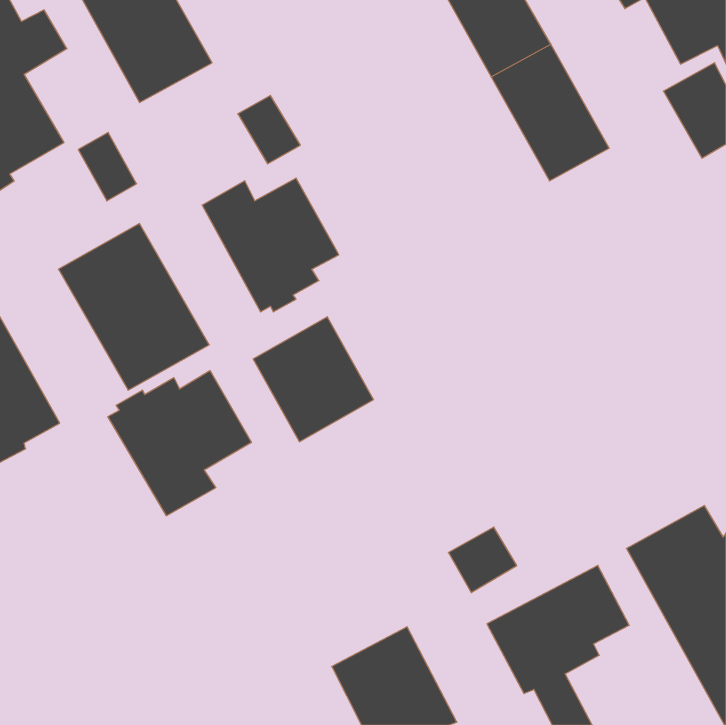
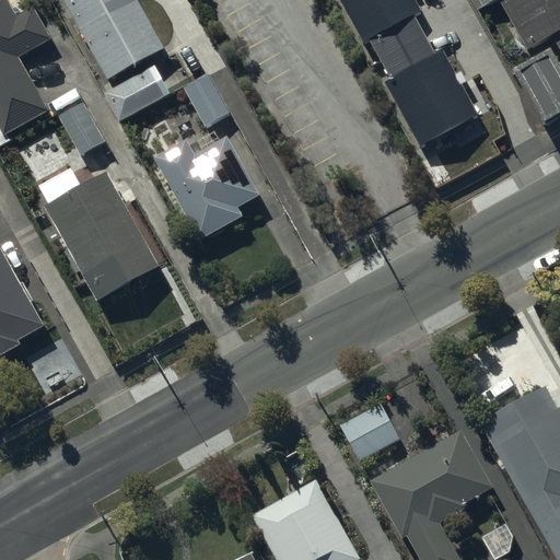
building: none -> [104,67,167,122]
building: [253,317,373,442] -> none
building: [108,371,251,516] -> none

